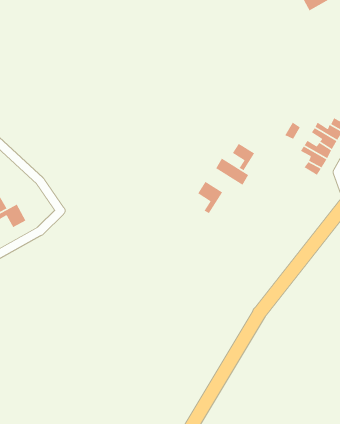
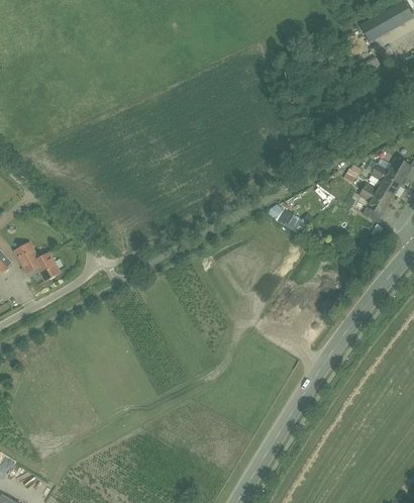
building: [232,143,255,171] -> none
building: [197,181,223,214] -> none

